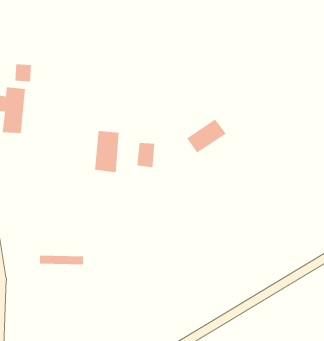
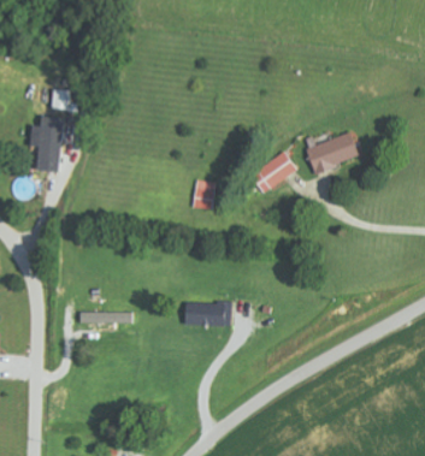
building: none -> [306,132,359,171]
building: [94,130,119,173] -> none
building: none -> [184,301,232,325]

